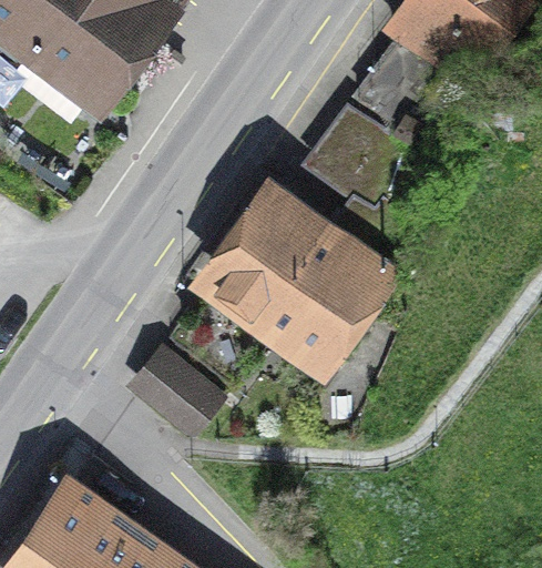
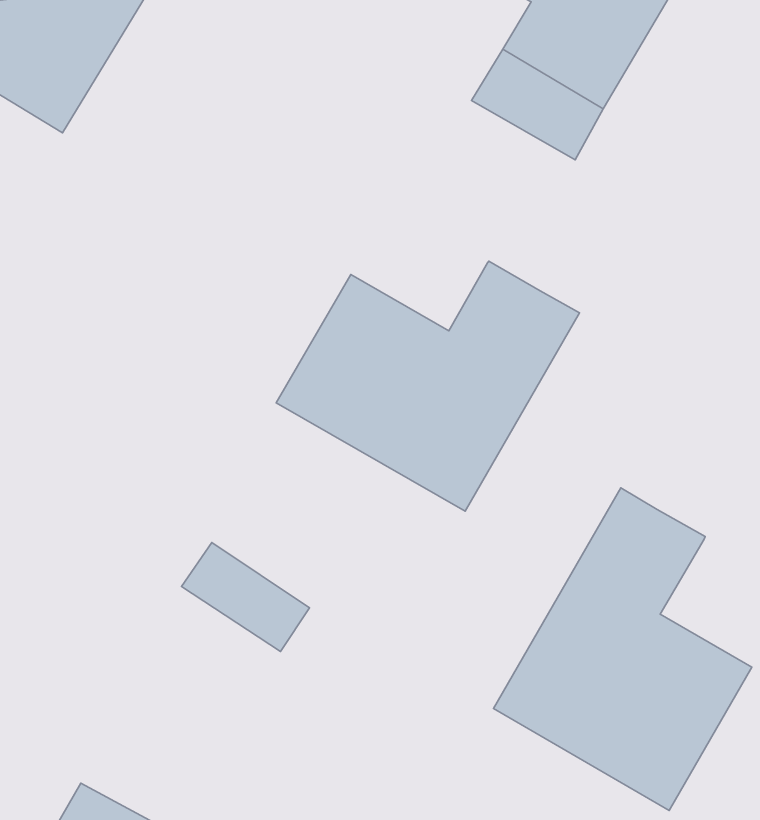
building: [301,106,401,220] -> none
building: none -> [493,488,752,810]

